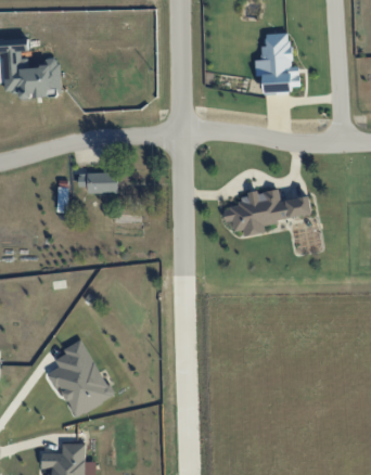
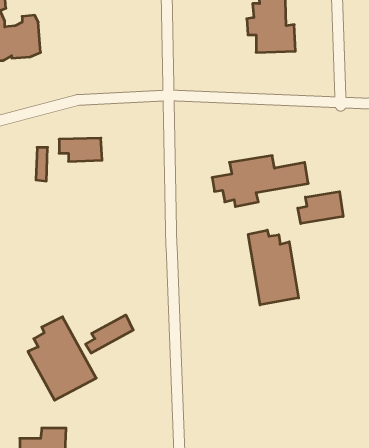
building: none -> [298,192,343,224]
building: none -> [248,230,299,305]
building: none -> [86,315,133,353]

